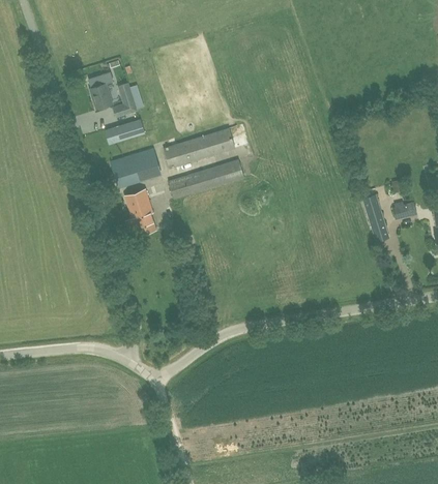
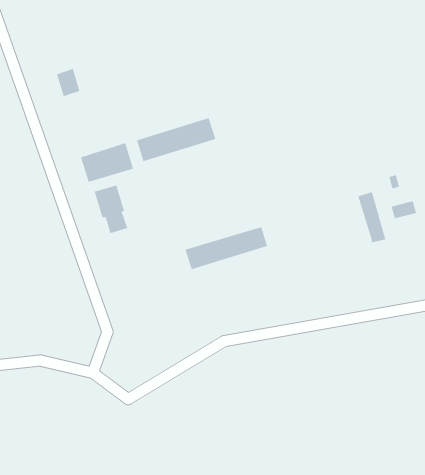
building: [113,83,137,117] -> none
building: [105,118,145,144] -> none
building: [168,159,243,199] -> [184,227,268,270]

